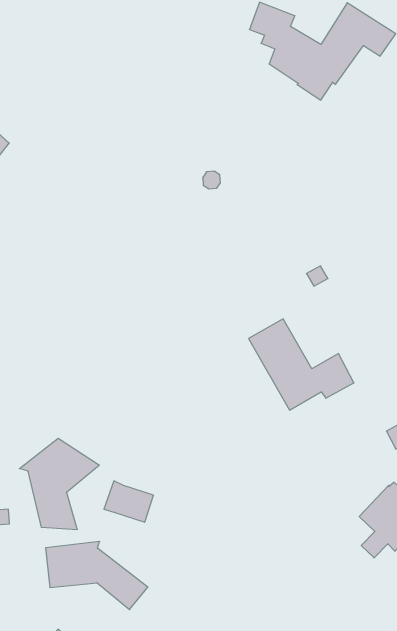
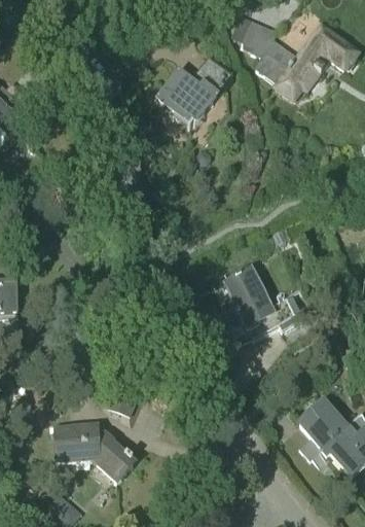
building: none -> [157,58,229,127]
building: [19,438,99,530] -> none

